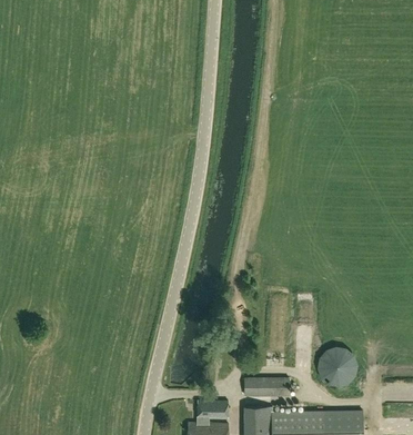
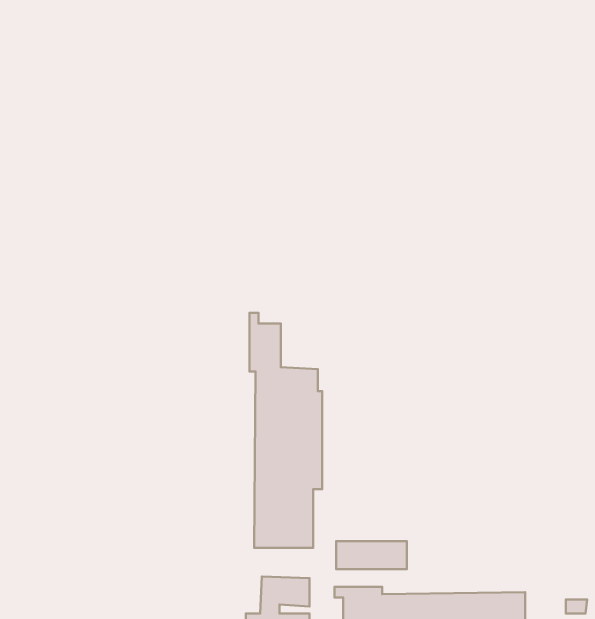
building: none -> [250,313,322,548]
building: [319,348,355,385] -> none

